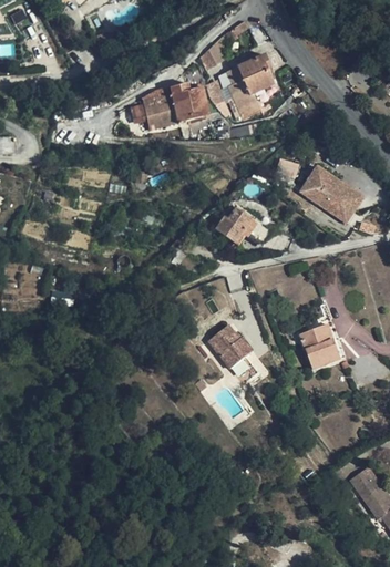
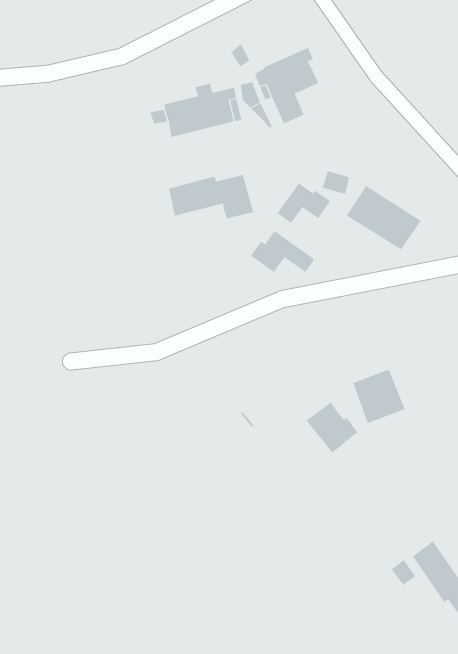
building: none -> [168,174,254,219]
building: none -> [277,182,331,224]
building: [208,324,253,368] -> [306,402,359,454]

